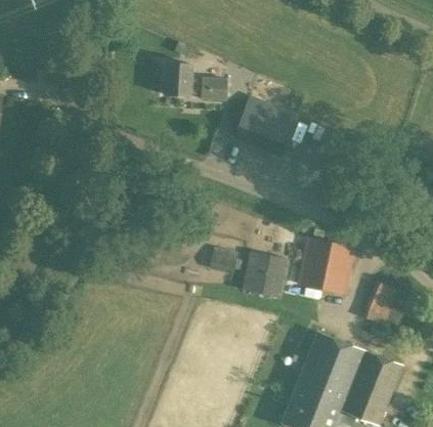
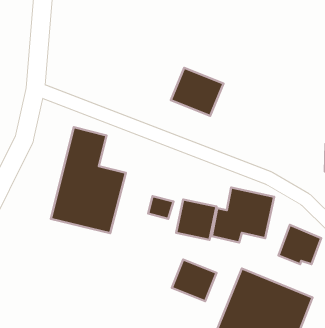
building: [163,62,227,99] -> none
building: none -> [51,127,126,233]
building: none -> [172,259,217,301]

